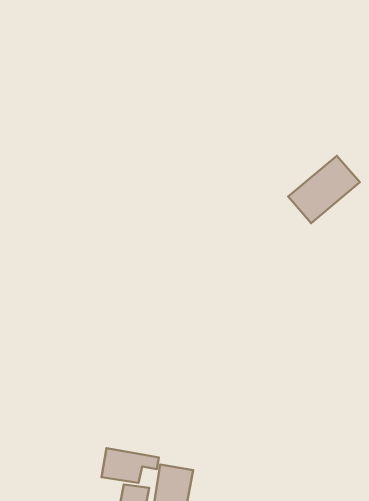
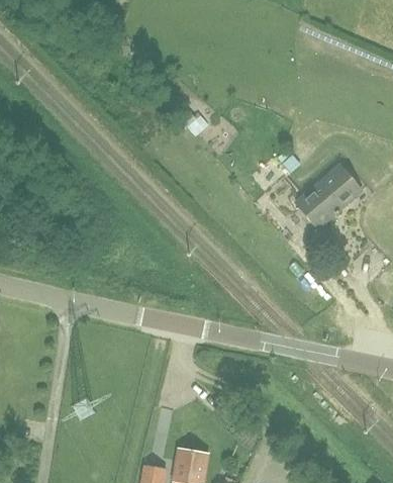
building: [102,448,159,483] -> none

